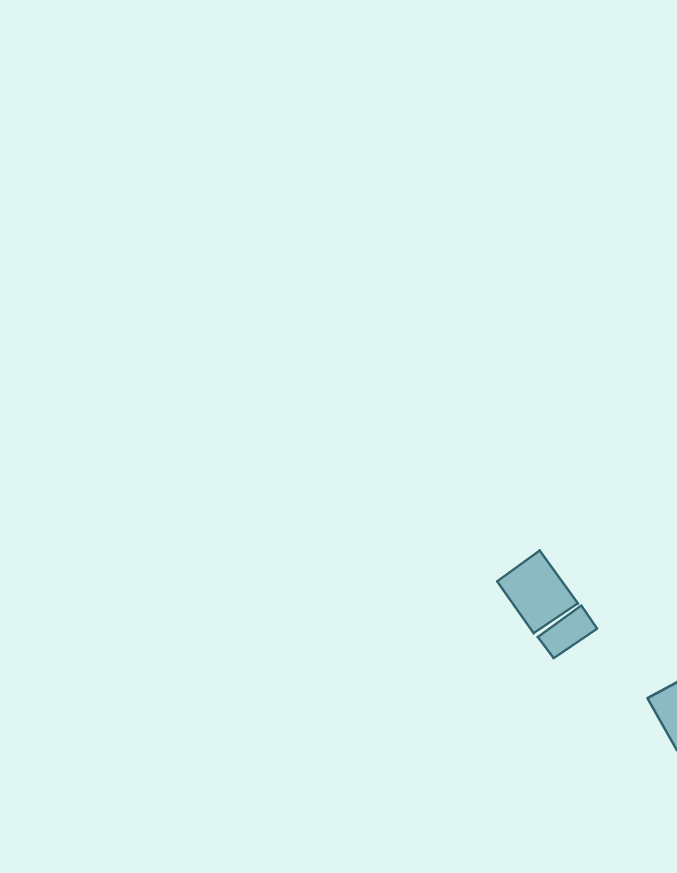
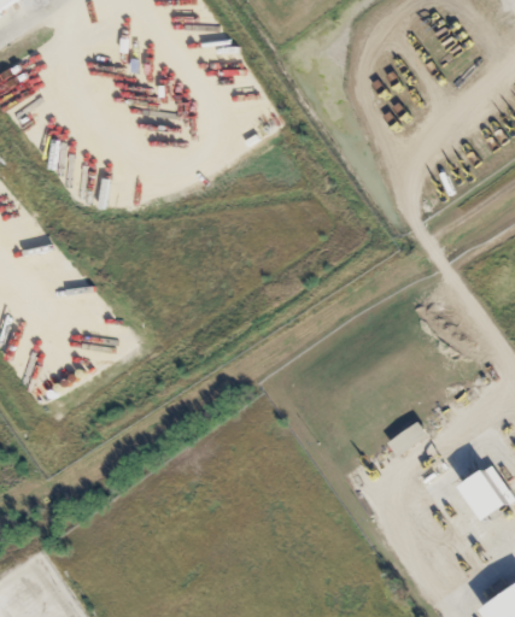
building: [497,550,578,633] -> none

